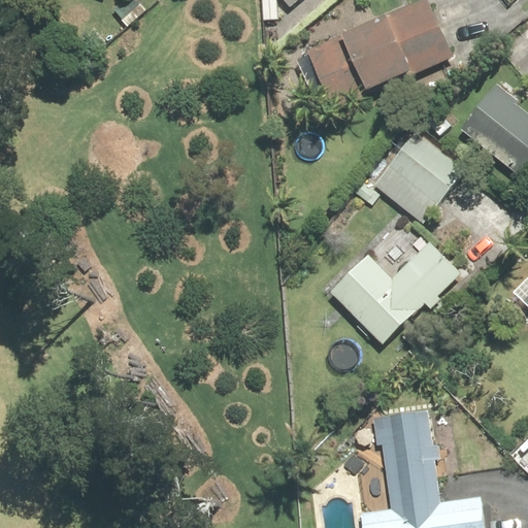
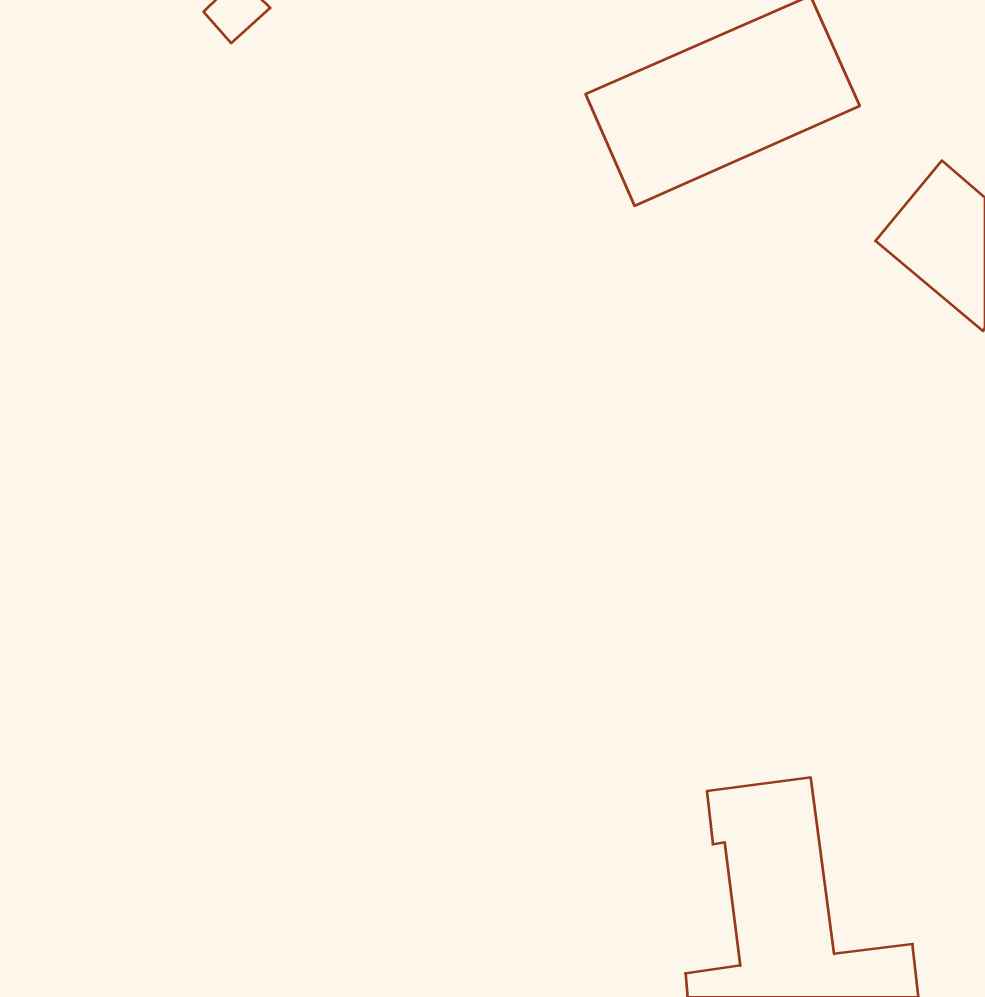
building: [372,131,464,223] -> none
building: [331,241,461,344] -> none

